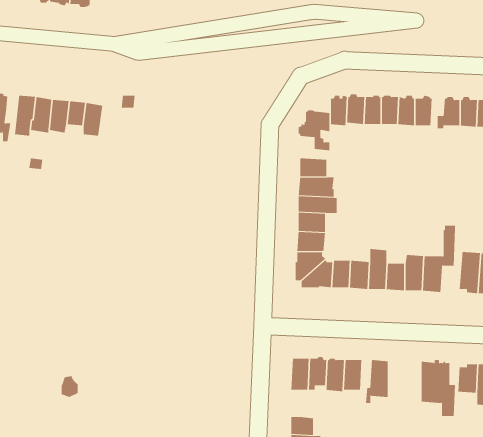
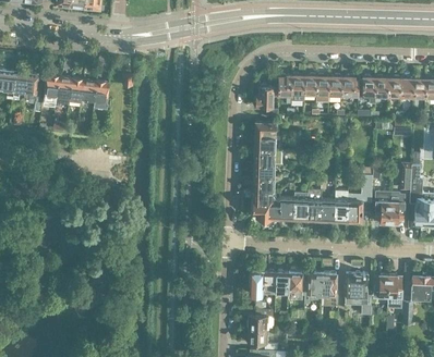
building: none -> [321,272,337,307]

